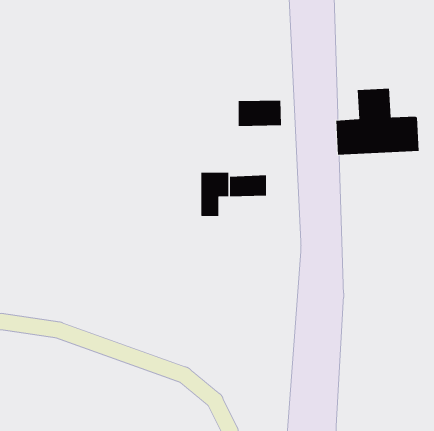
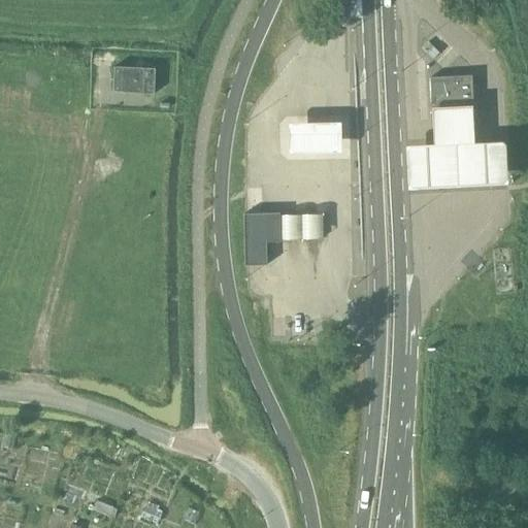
building: none -> [114,68,155,94]
building: none -> [431,75,473,109]

